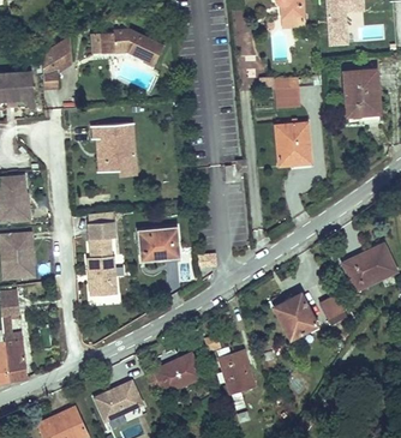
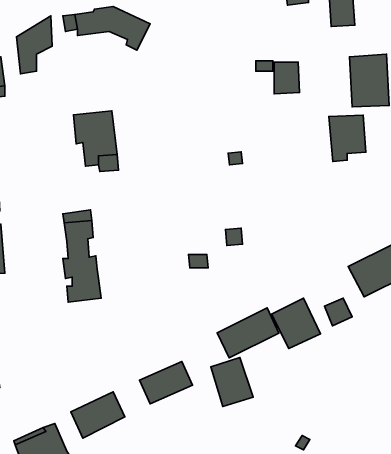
building: [276,124,310,166] -> [329,115,366,161]
building: [137,224,179,262] -> none
building: none -> [217,308,279,358]

